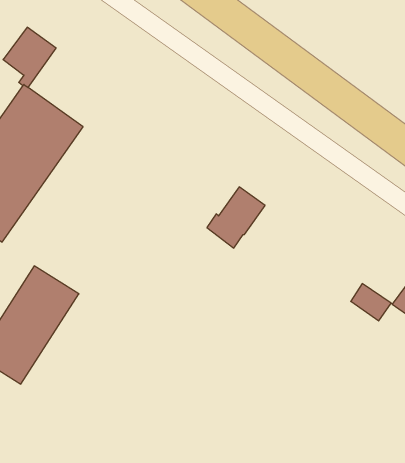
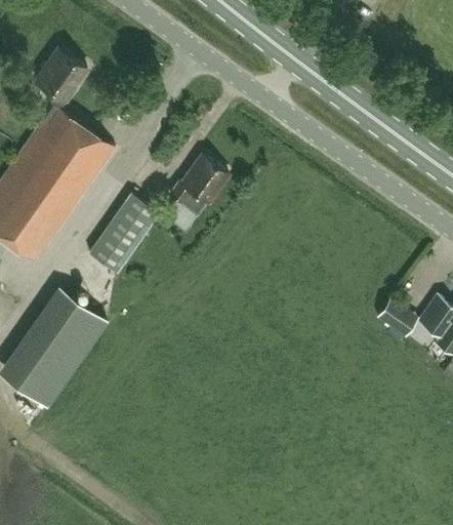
building: none -> [87,196,157,275]
building: [207,187,265,248] -> [169,156,226,216]

